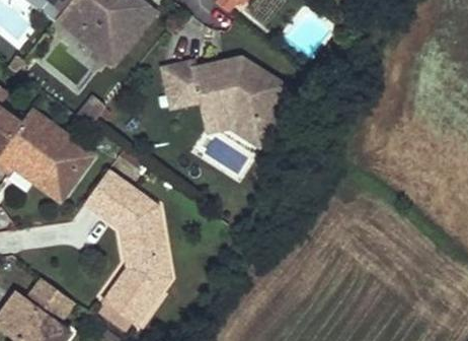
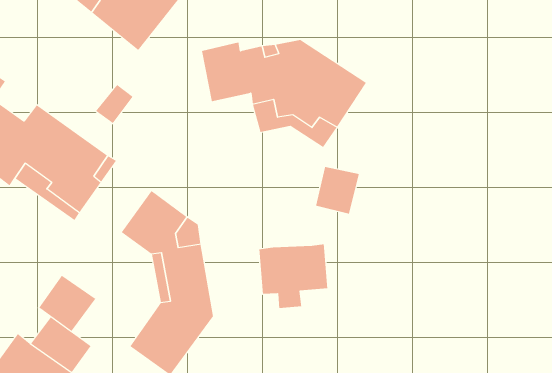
building: none -> [315,166,360,214]
building: none -> [259,243,328,309]
building: none -> [38,275,96,332]

